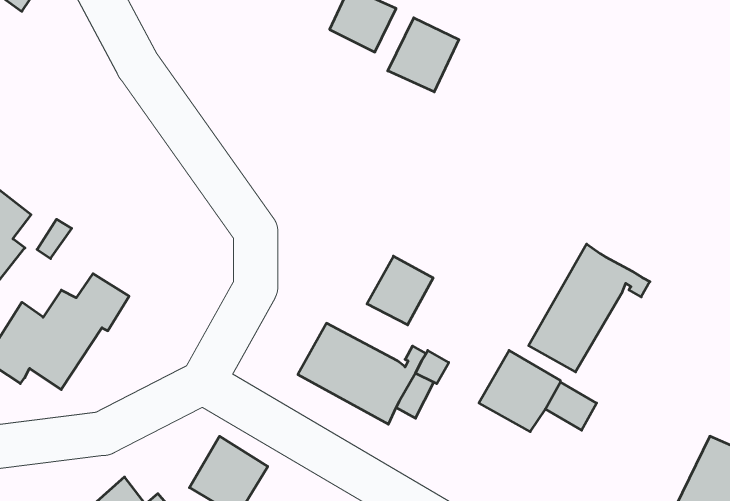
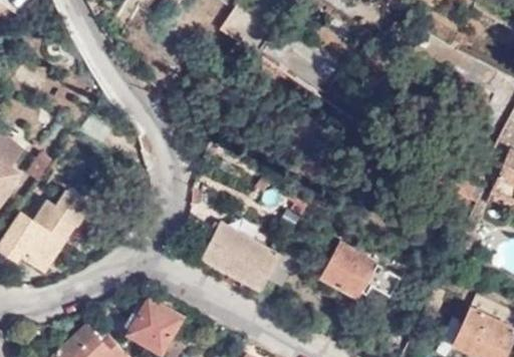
building: [388,18,459,92] -> none
building: [529,244,650,372] -> none
building: [367,256,433,325] -> none

